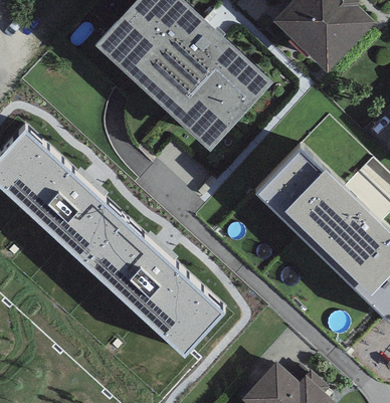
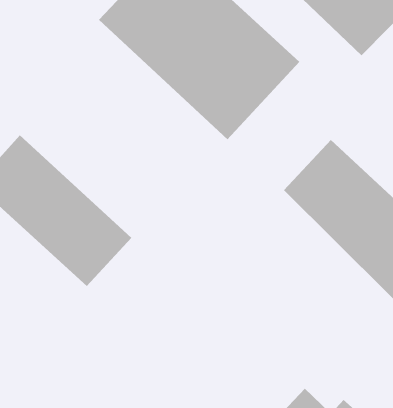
building: [84,231,224,366] -> none

